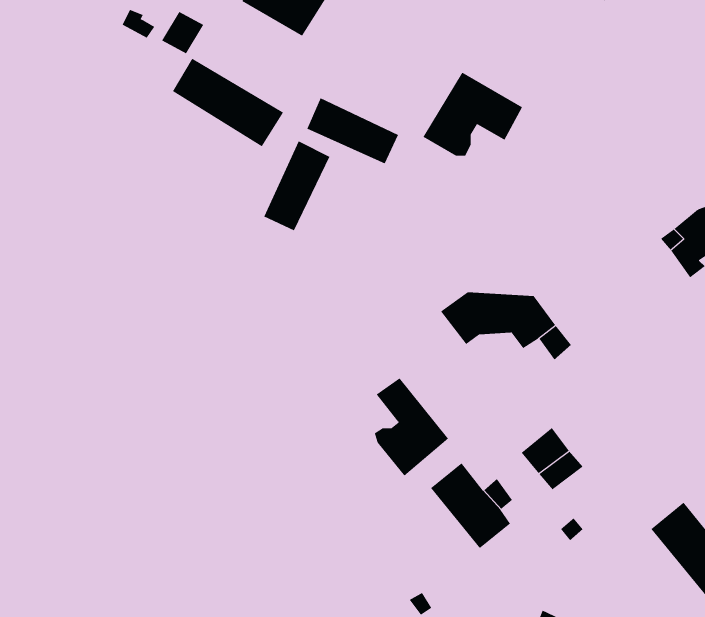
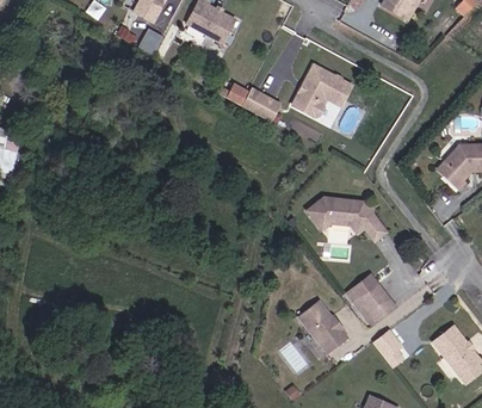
building: [172,58,284,147] -> none
building: [264,141,330,231] -> none
building: [374,378,449,476] -> none

